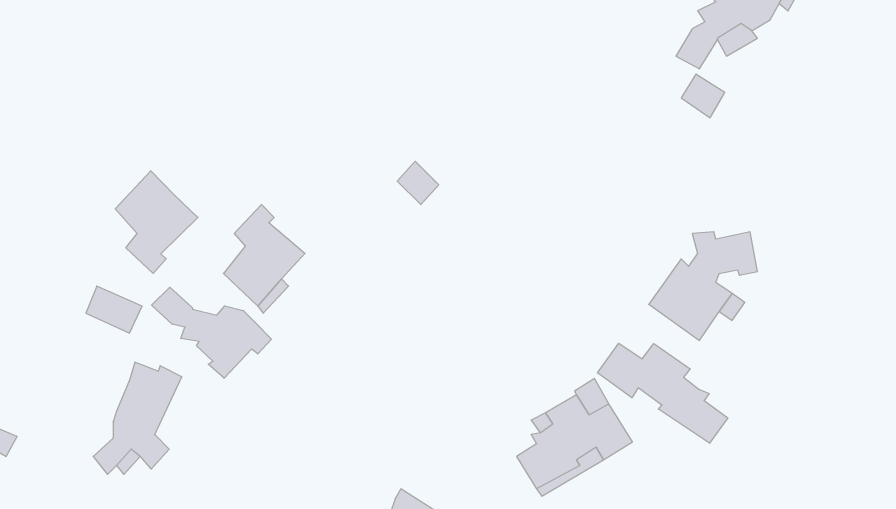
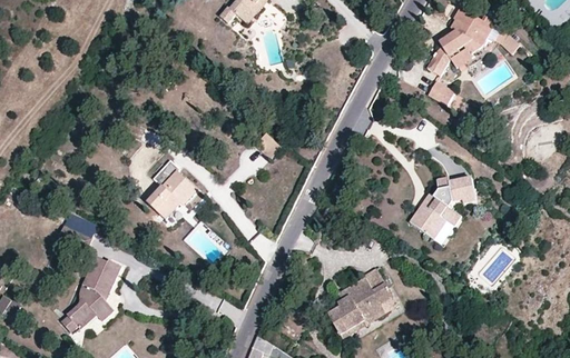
building: [115,171,198,273] -> none
building: [152,287,271,378] -> none
building: [597,343,728,443] -> none

